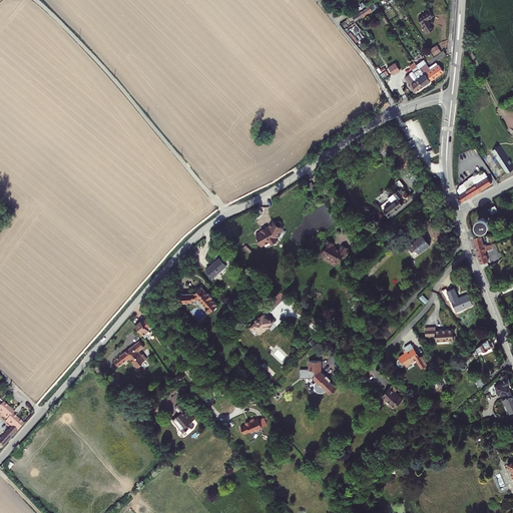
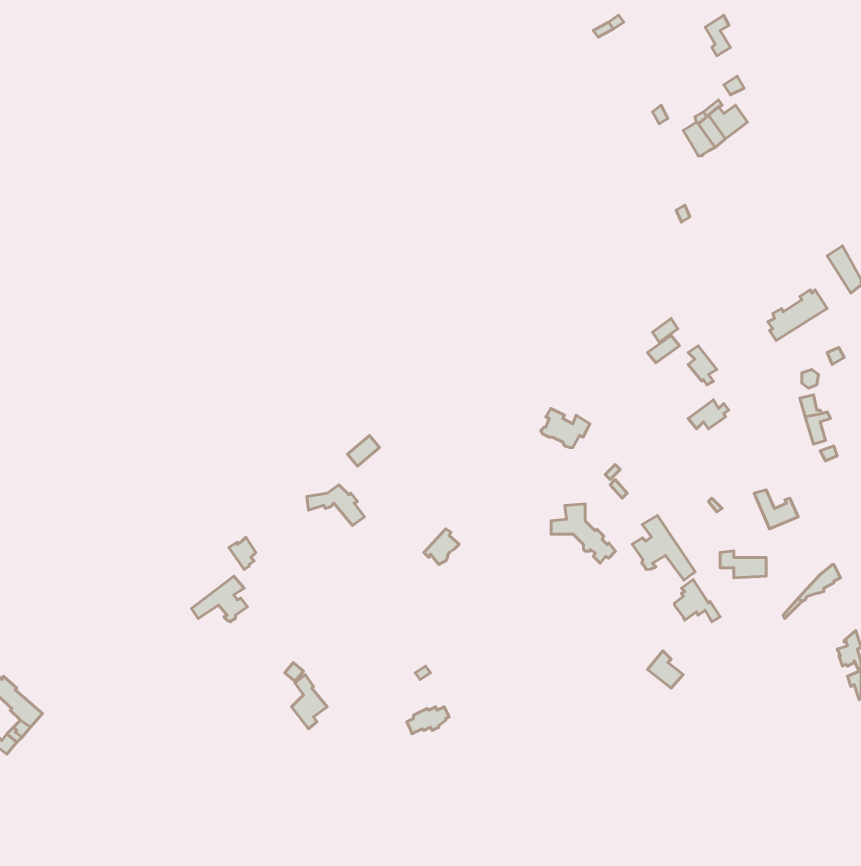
building: [253,222,282,247] -> none
building: none -> [632,516,695,580]
building: [298,360,336,395] -> [551,504,616,563]

